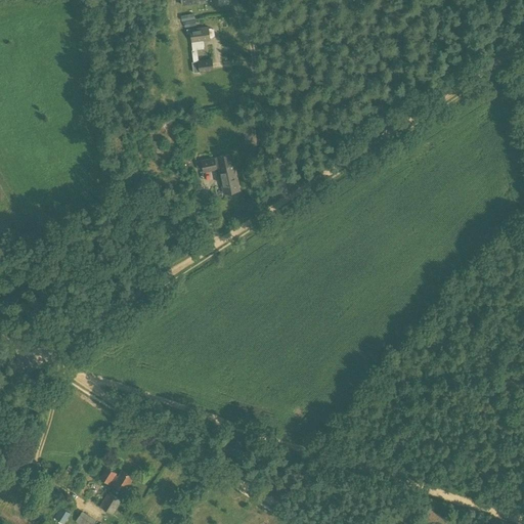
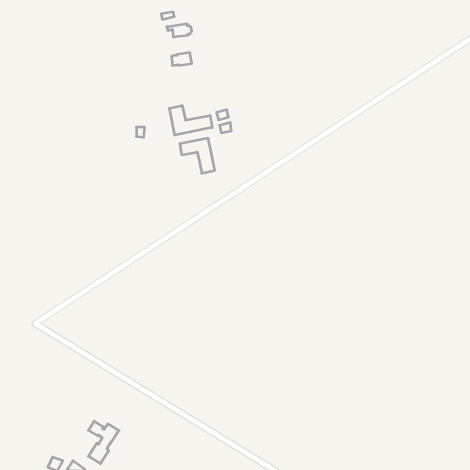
building: none -> [169,105,212,135]

